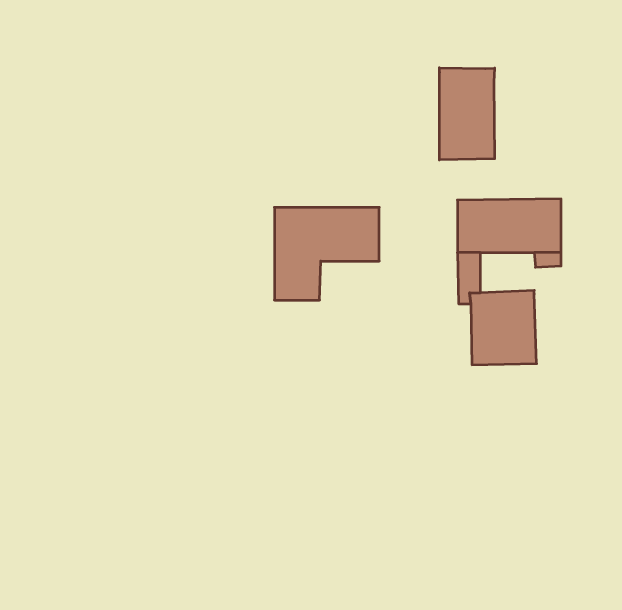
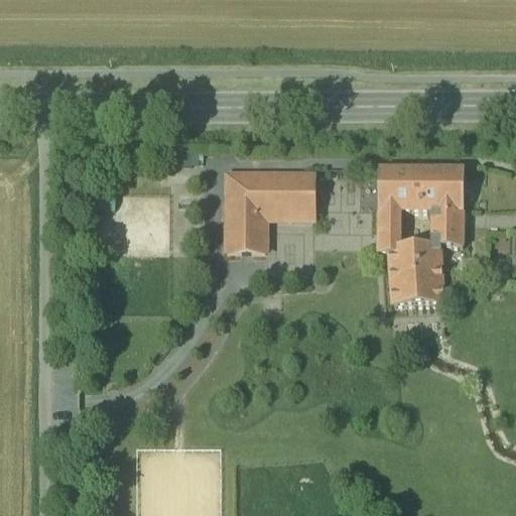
building: [439,68,495,160] -> none
building: none -> [441,220,465,243]

